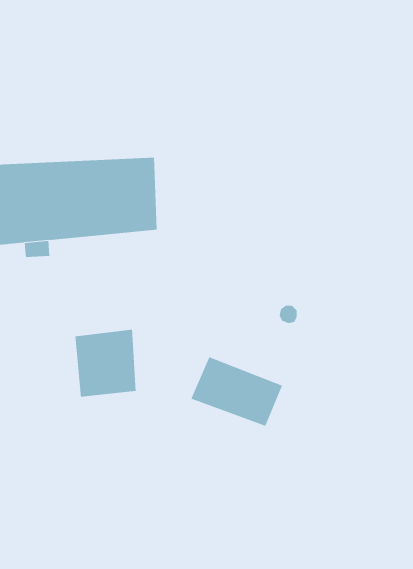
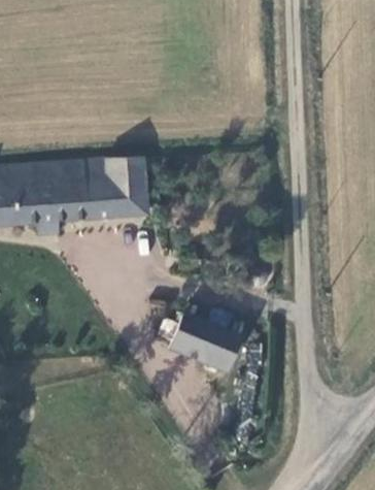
building: [75,329,136,398] -> none

